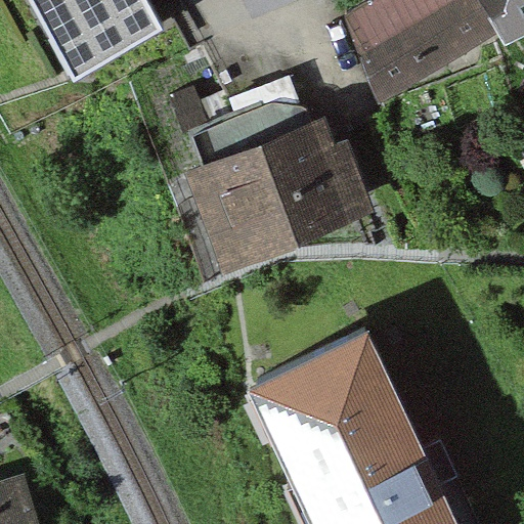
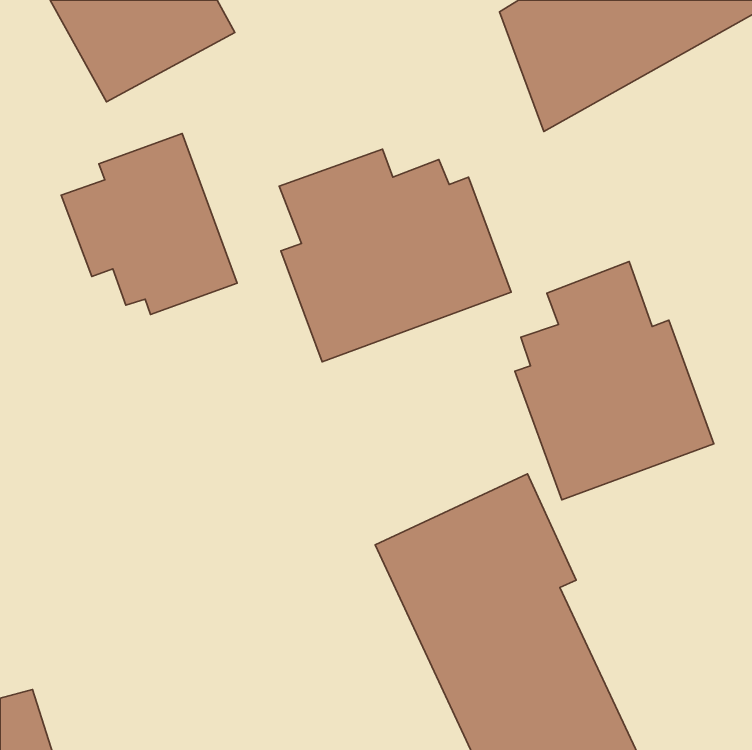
building: none -> [61,134,237,314]
building: none -> [515,262,714,500]

